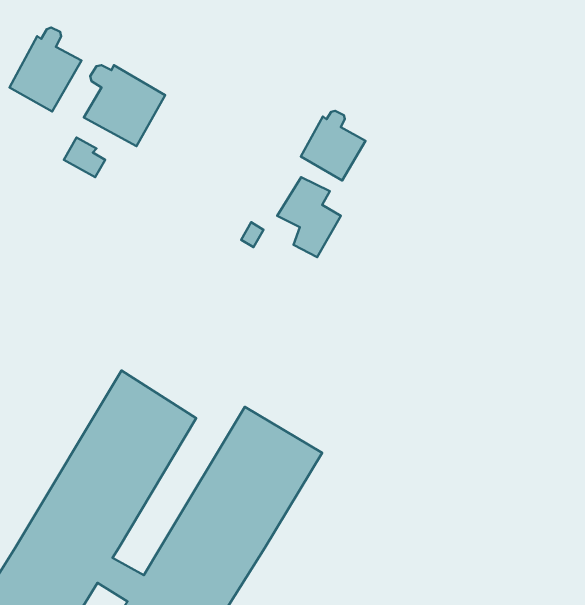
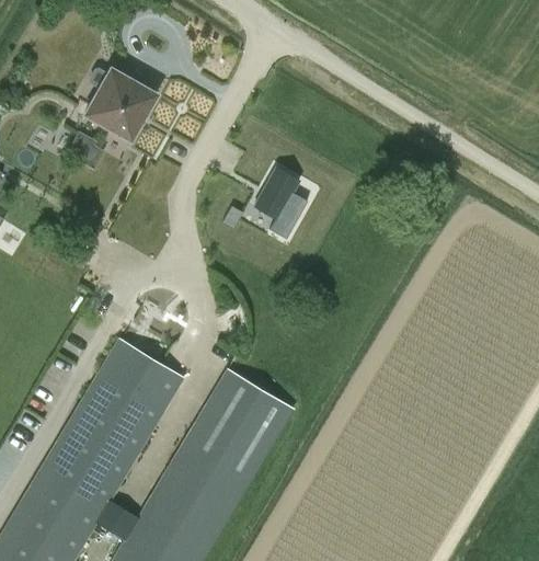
building: [9,28,82,112] -> none
building: [301,111,365,180] -> none

